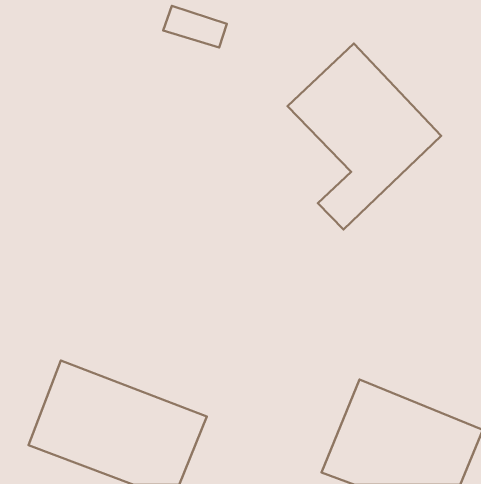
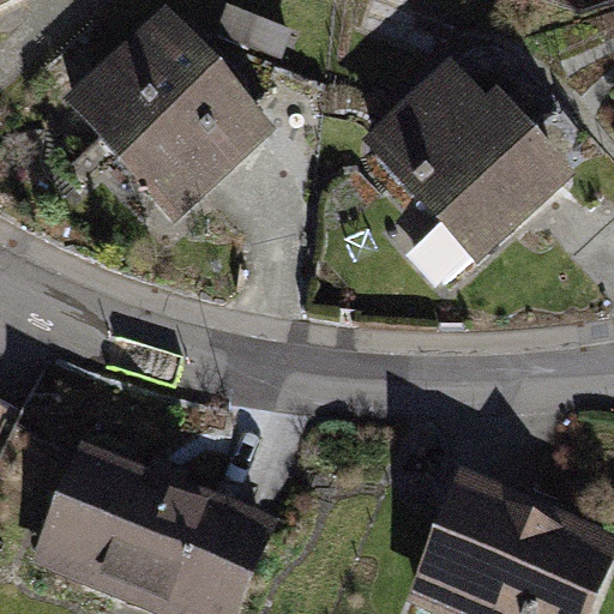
building: none -> [68,10,273,215]

